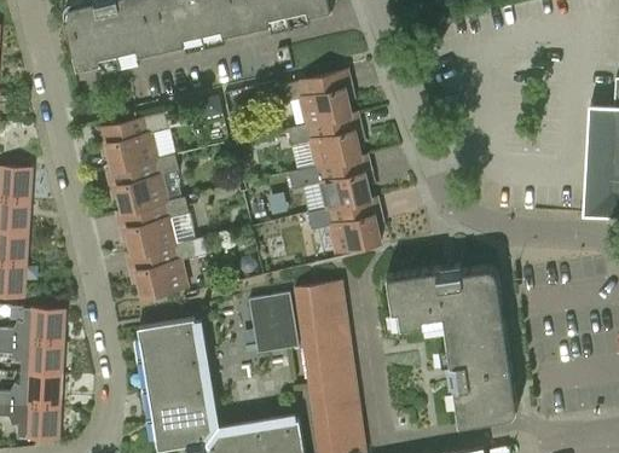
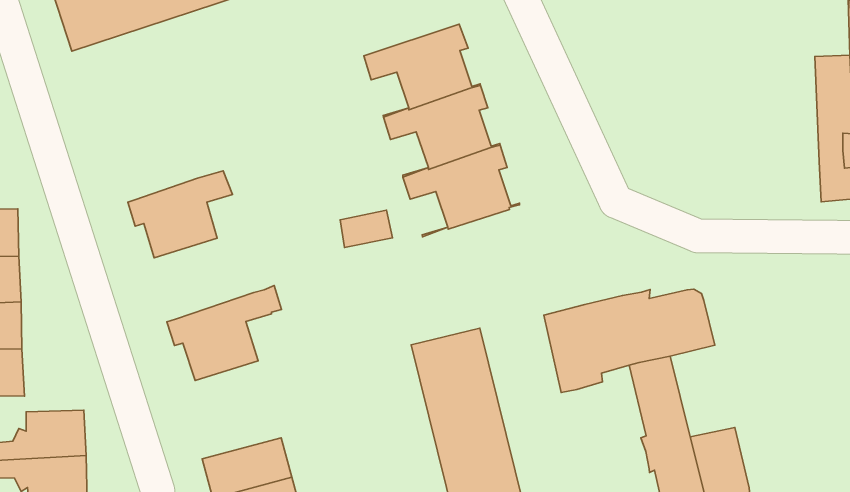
building: [97,112,169,170] -> none
building: [116,198,190,254] -> none
building: [307,198,380,252] -> none
building: [248,292,297,353] -> none
building: [470,307,510,368] -> none
building: [138,321,197,353] -> none

